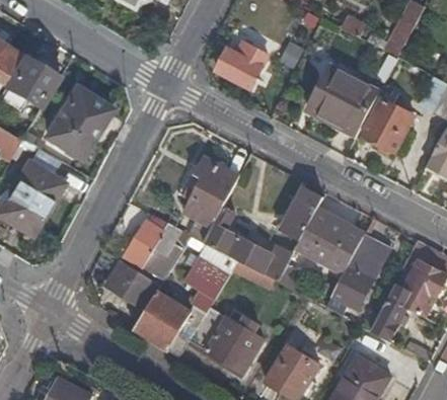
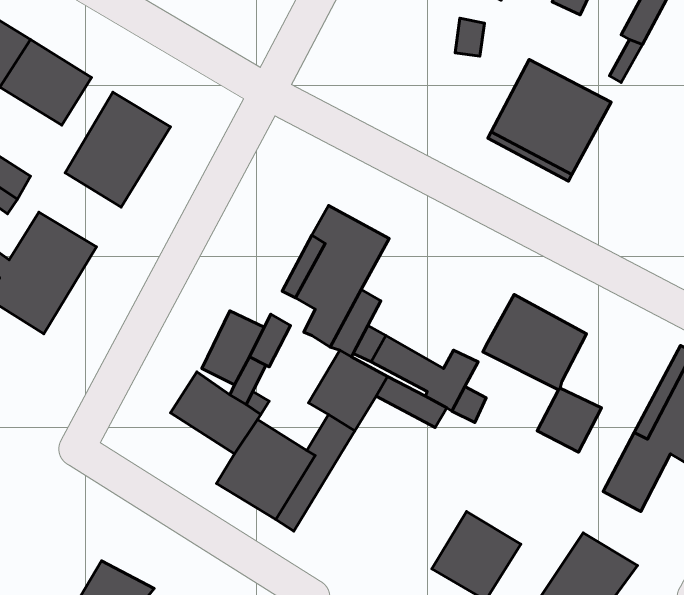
building: [222,47,273,92] -> none
building: [364,98,417,152] -> none
building: [283,184,326,240] -> none
building: [348,234,392,278] -> none
building: [194,305,268,371] -> none

